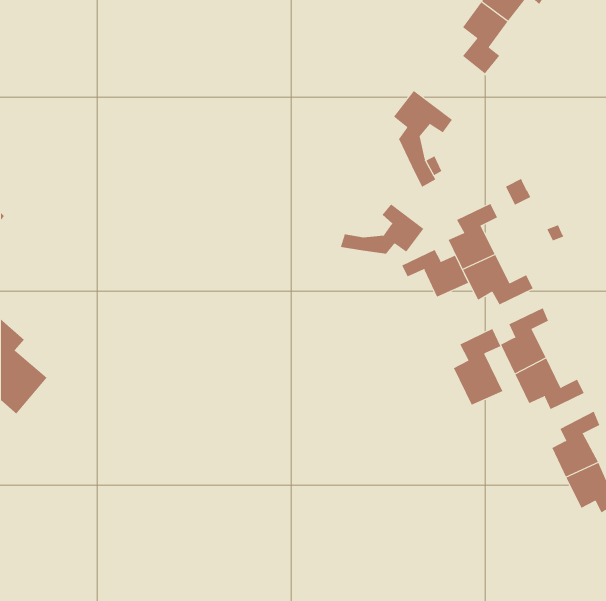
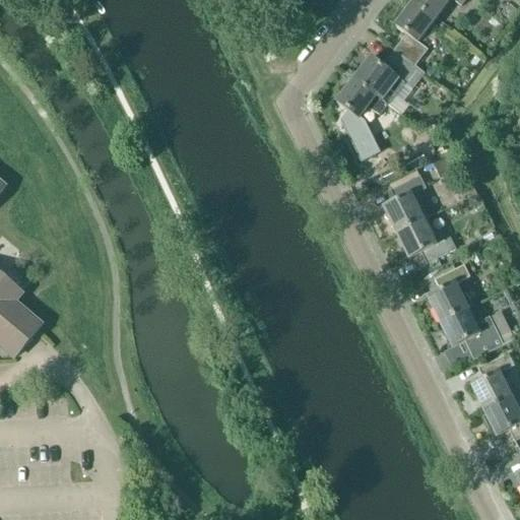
building: none -> [354,48,426,103]
building: [340,203,424,254] -> none
building: [401,249,469,297] -> none
building: [453,328,503,405] -> none

